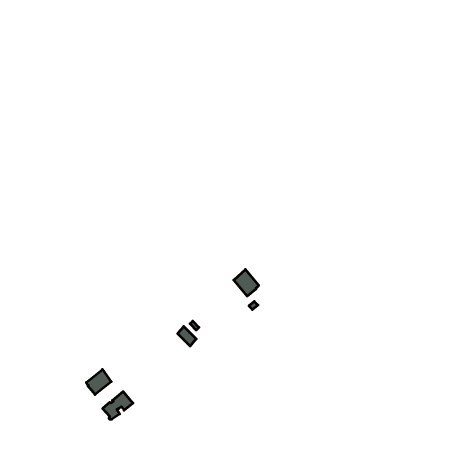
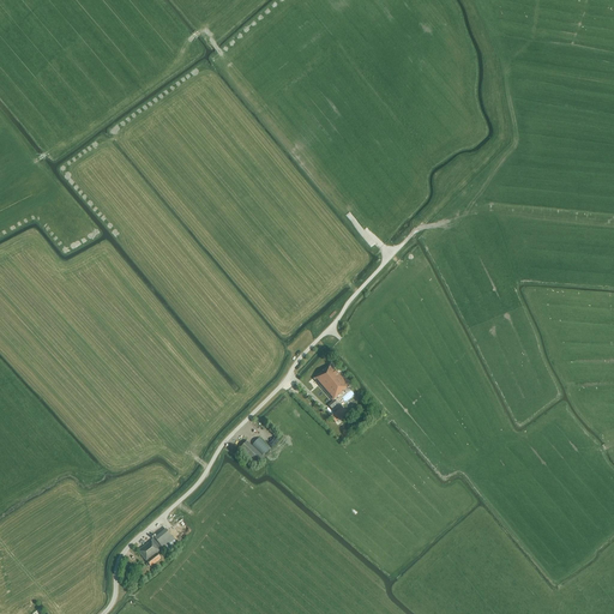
building: [86,369,111,395] -> none

